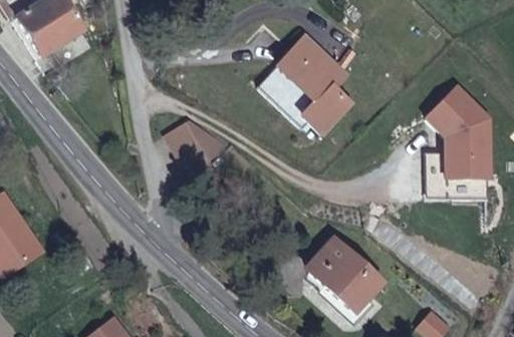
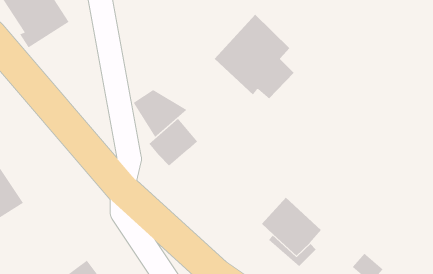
building: [428,82,492,196] -> none
building: none -> [148,118,198,166]

